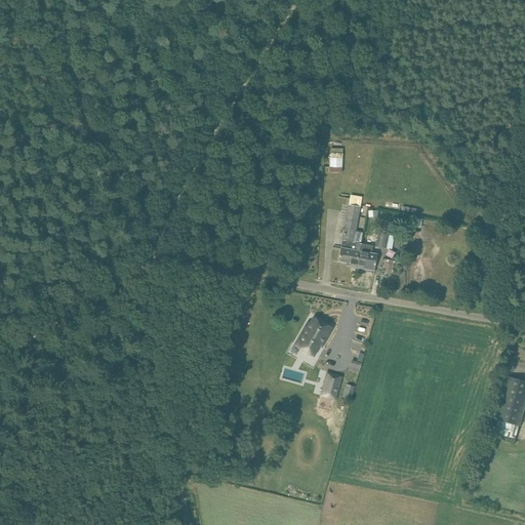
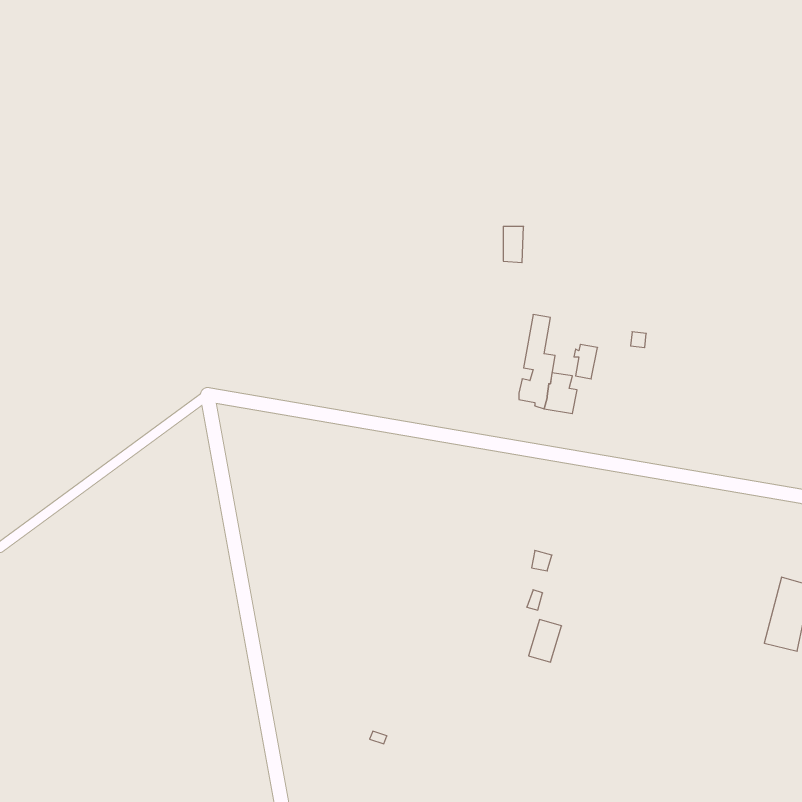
building: [296,318,332,355] -> none
building: [321,371,342,399] -> [529,620,562,662]

